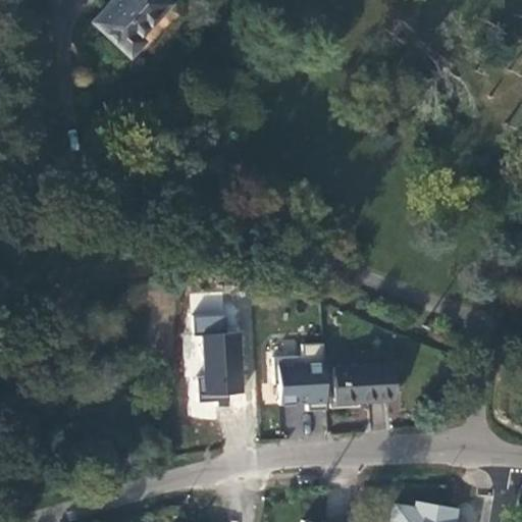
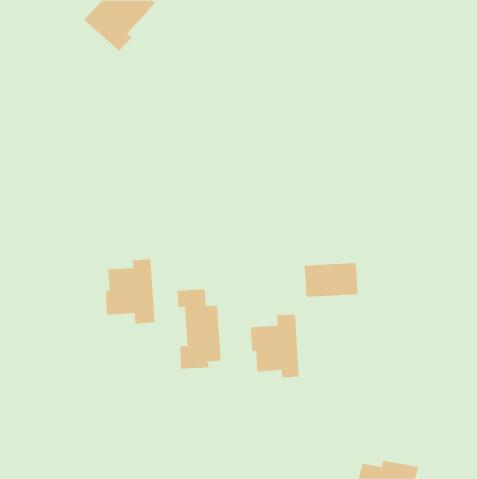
building: none -> [105,258,155,325]
building: [335,364,395,402] -> [304,263,358,297]

